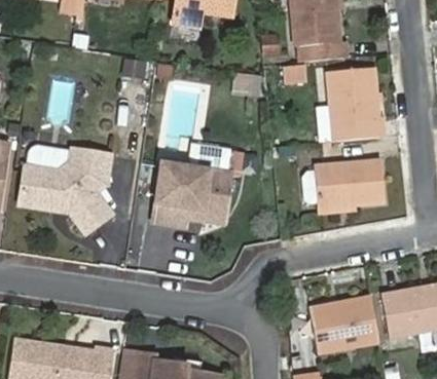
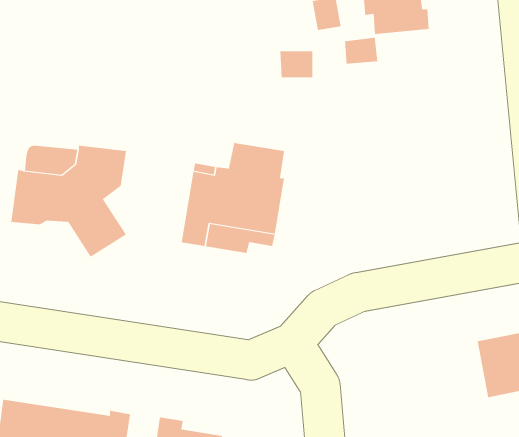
building: [326,69,379,141] -> none
building: [312,159,383,206] -> none
building: [308,296,378,352] -> none

